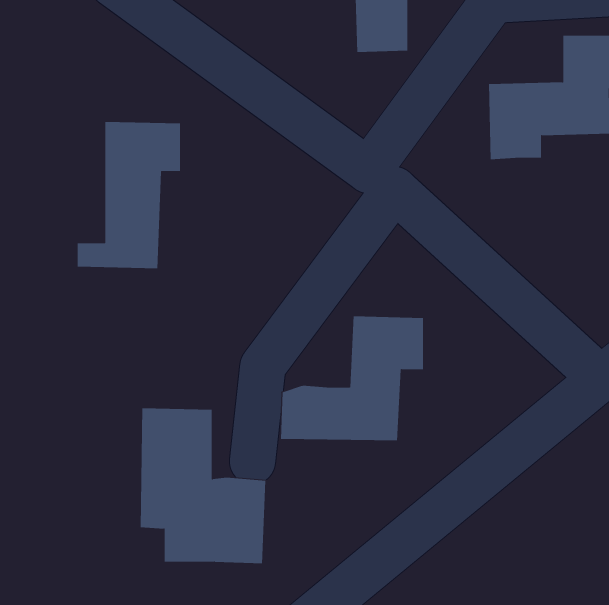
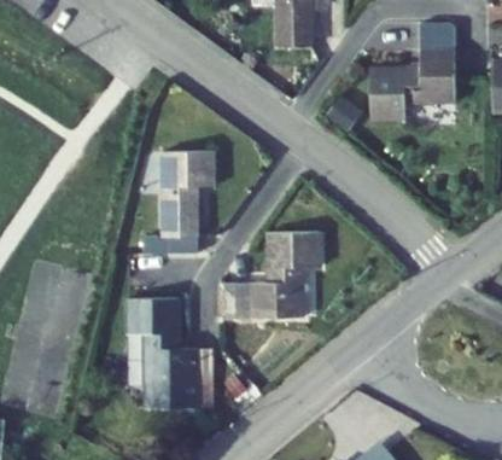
building: [77,121,181,269] -> [141,153,214,256]

